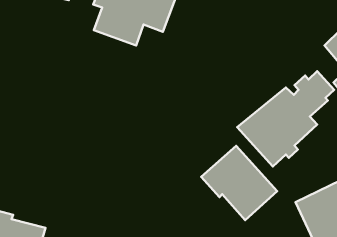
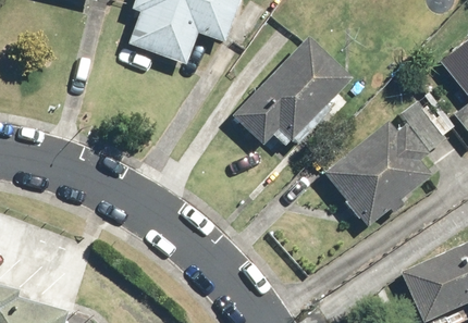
building: none -> [233,36,352,146]
building: [201,146,277,220] -> none

